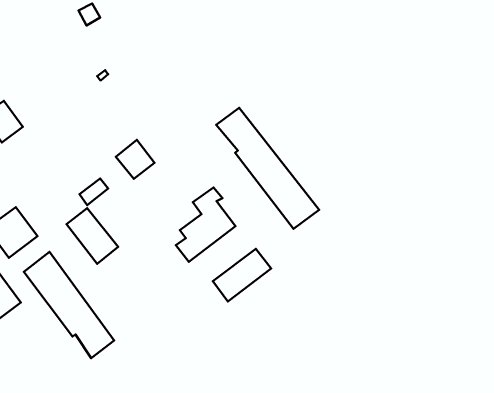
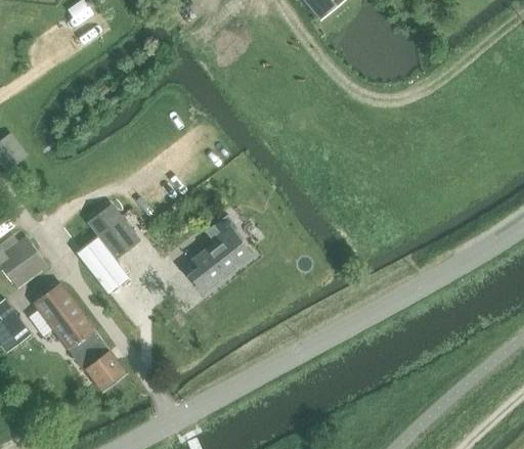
building: [216,108,319,229] -> none
building: [116,140,155,179] -> [98,216,138,256]
building: [213,249,271,302] -> none

